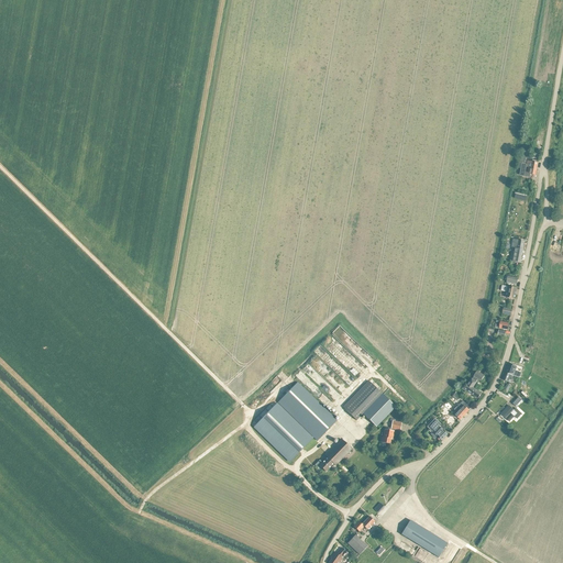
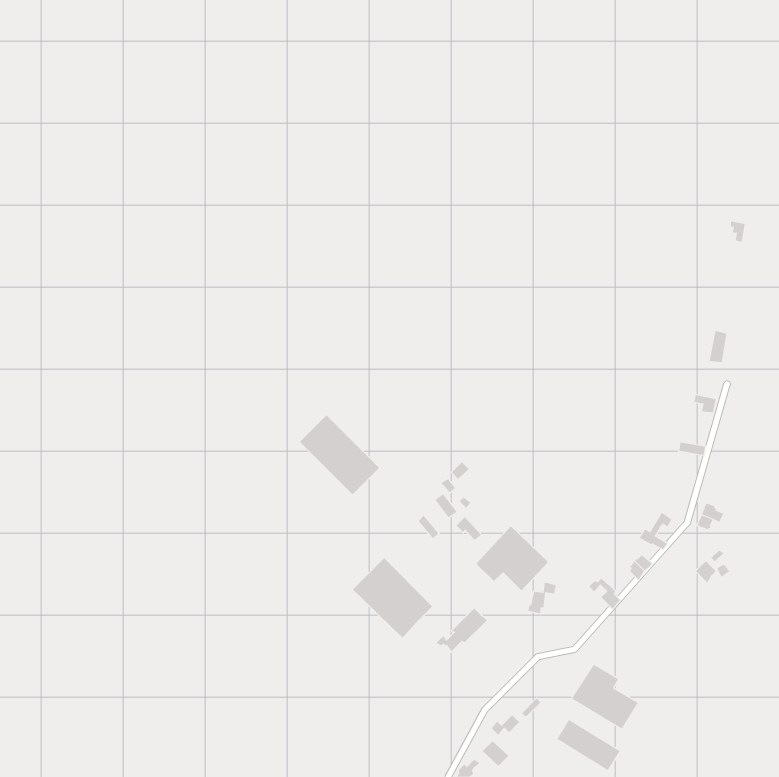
building: [278,382,336,440] -> [299,414,380,495]
building: none -> [571,664,639,730]

